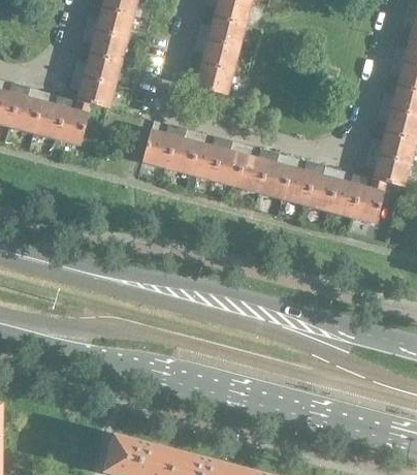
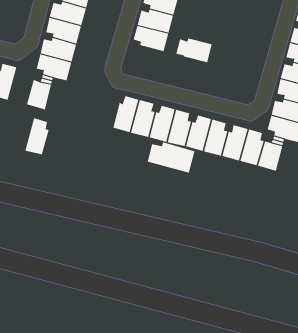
building: [187,63,234,95] -> [175,38,213,63]
building: [35,91,67,138] -> [25,118,50,155]
building: [143,120,177,168] -> none
building: none -> [147,141,195,173]

